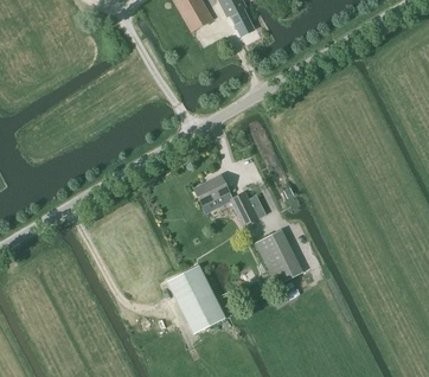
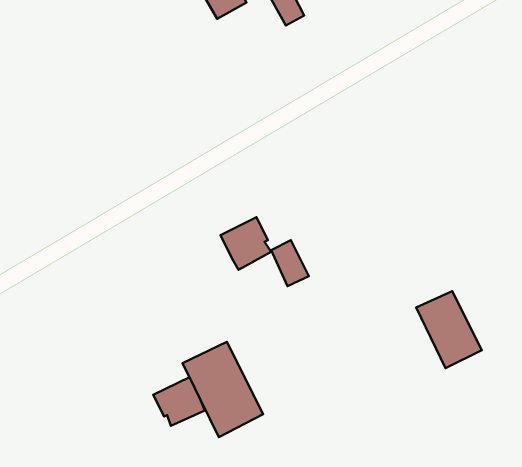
building: [255,229,302,285] -> [416,291,482,368]
building: none -> [153,377,205,426]

